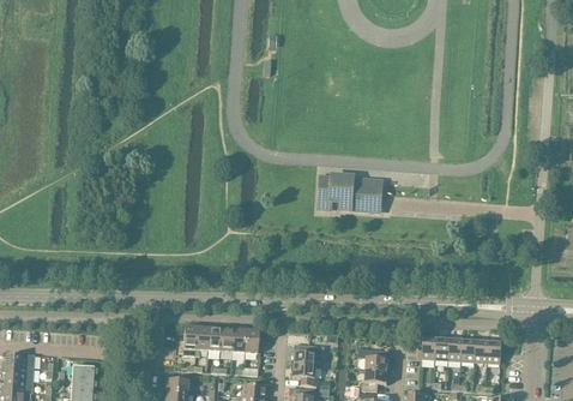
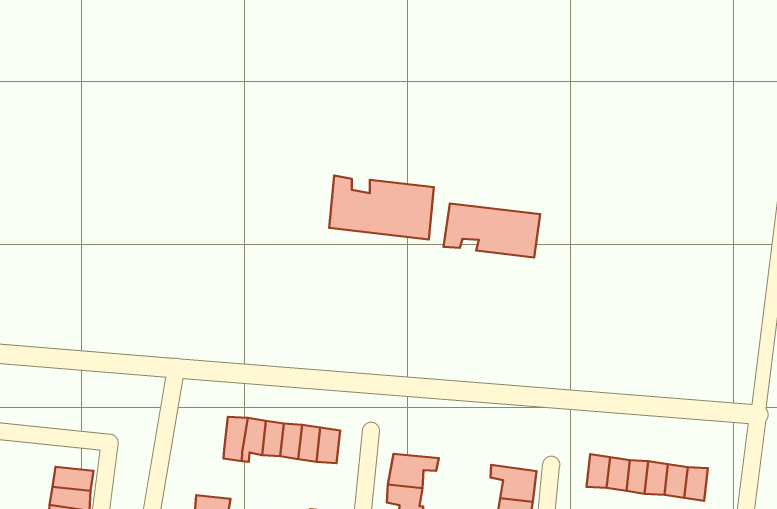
building: none -> [329,175,434,240]

